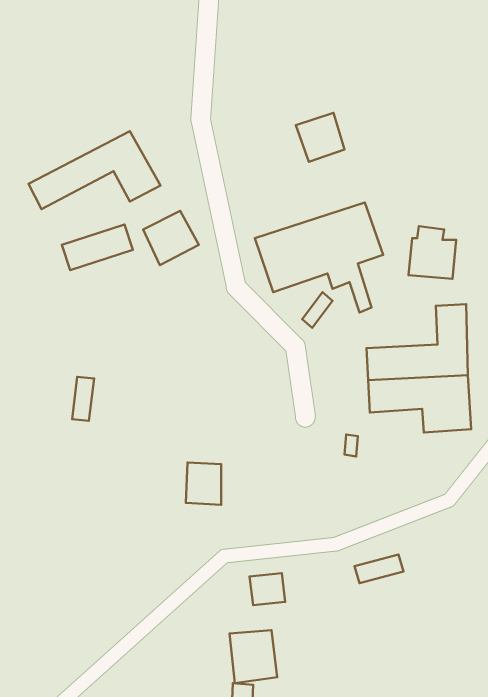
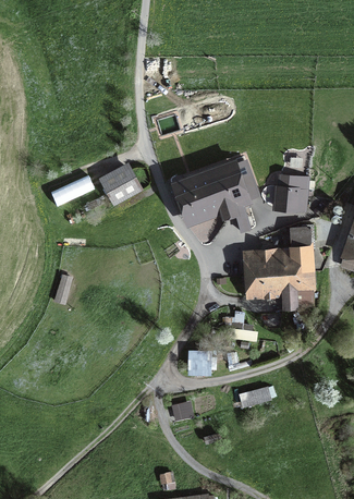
building: [296,113,344,162] -> none
building: [29,131,161,209] -> none
building: [186,462,221,505] -> [187,348,210,375]
building: [230,630,277,683] -> none

